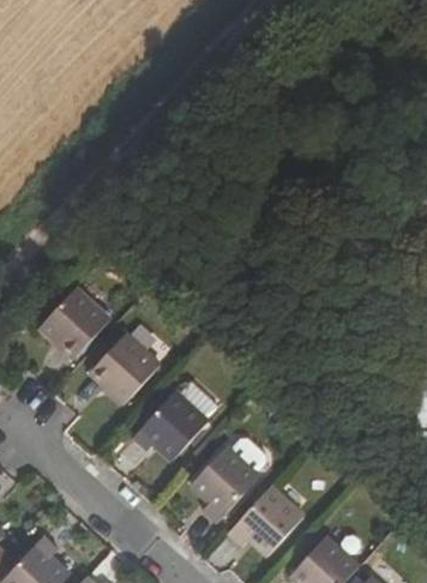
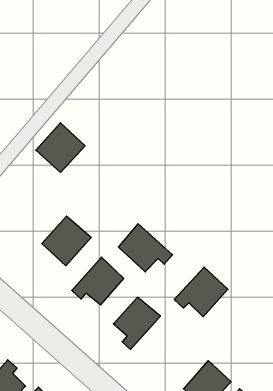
building: [41,288,110,357] -> [36,123,85,172]
building: none -> [119,224,173,272]
building: [227,485,302,554] -> [174,267,228,317]

